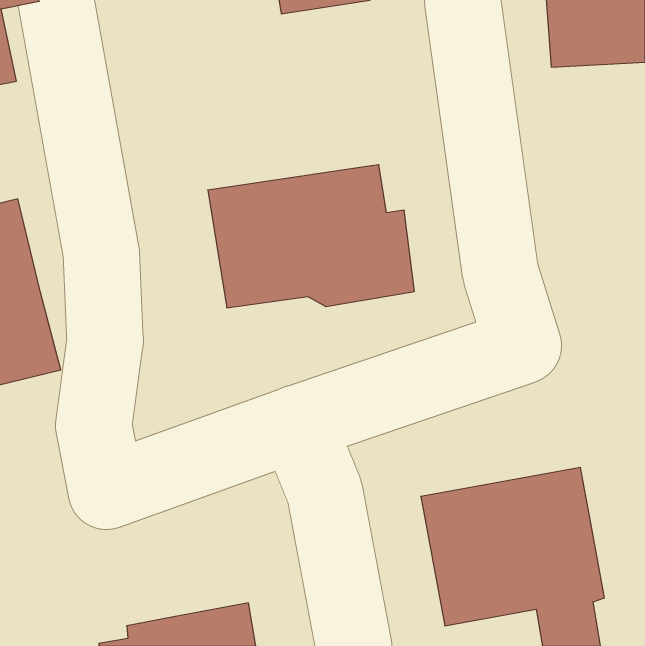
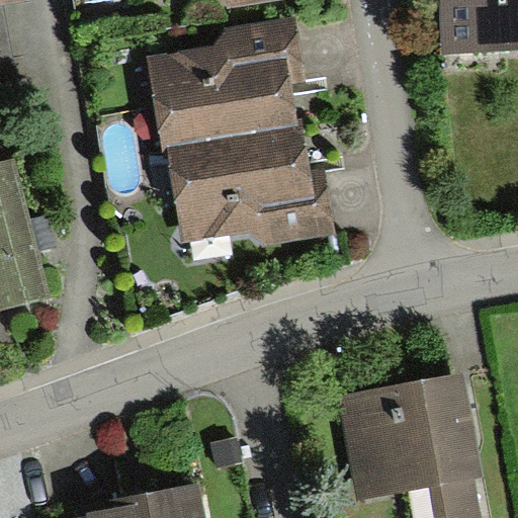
building: none -> [147,23,304,153]

